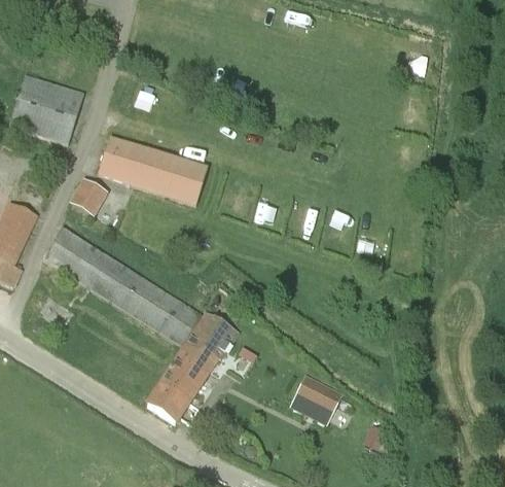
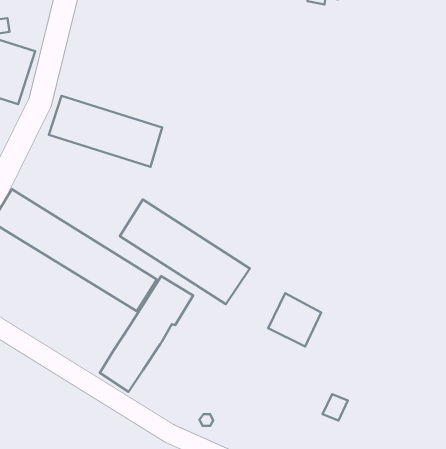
building: [69,178,108,217] -> none
building: none -> [120,200,250,304]
building: [290,374,341,425] -> [268,293,321,346]

